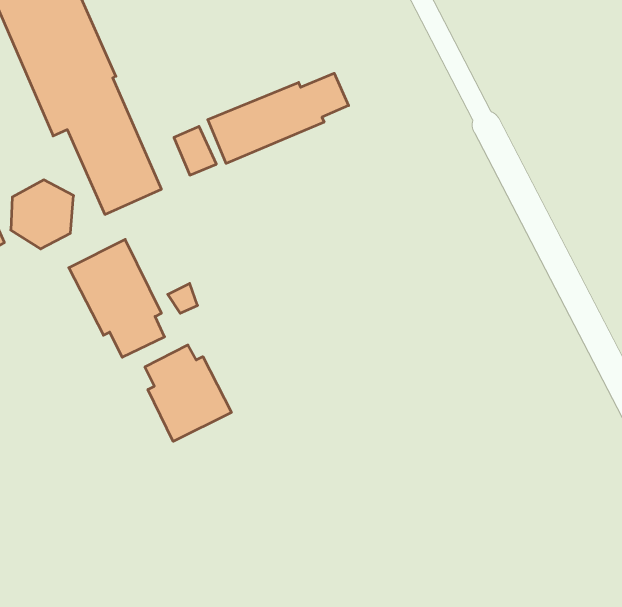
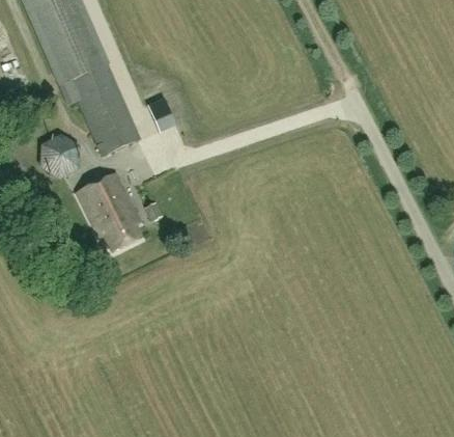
building: [208,73,349,163] -> none
building: [145,345,231,441] -> none

